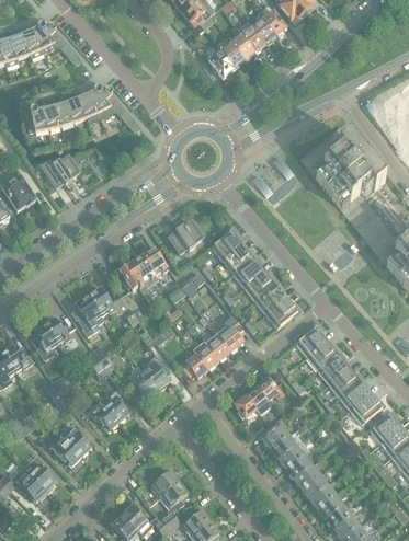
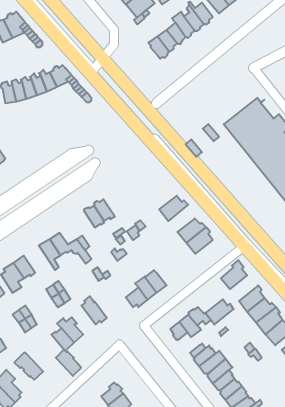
building: [41,157,78,187] -> none
building: [168,222,202,253] -> none
building: [209,225,241,260] -> none
building: [231,254,263,287] -> none
building: [118,262,150,299] -> none
building: [264,297,300,327] -> none
building: [214,315,243,352] -> none
building: [306,339,340,370] -> [206,299,234,325]
building: [140,355,170,391] -> none
building: [59,424,90,456] -> [56,350,81,376]

